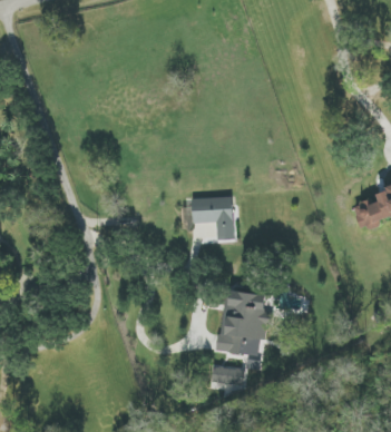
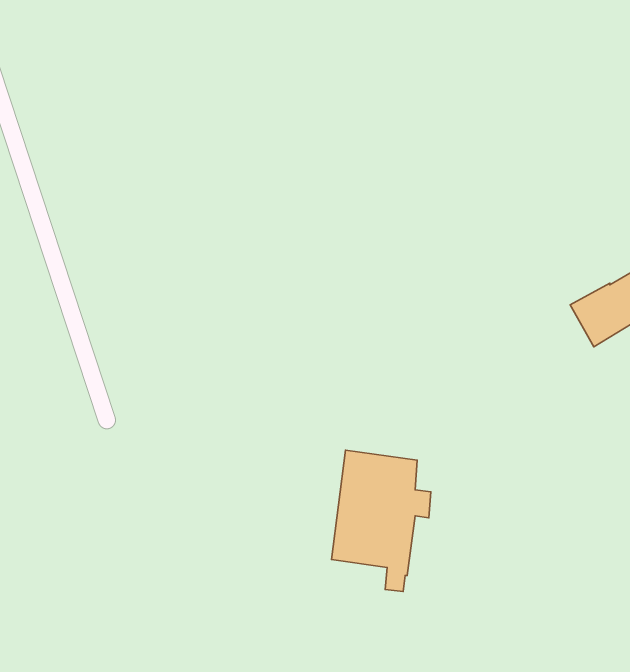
building: [192,197,233,240] -> none
building: [211,366,245,390] -> none

